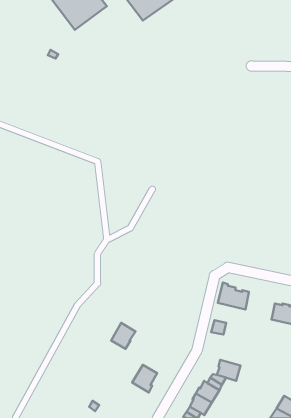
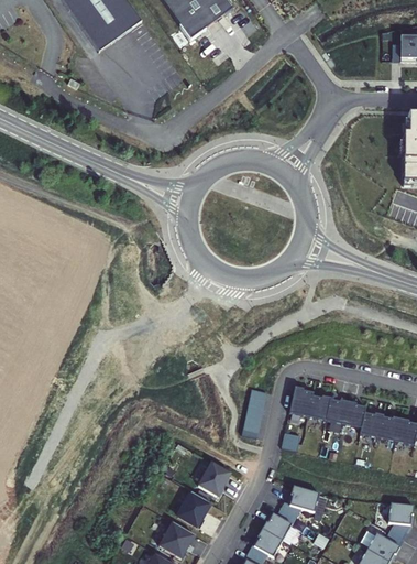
building: none -> [243,390,268,440]
building: none -> [327,397,366,426]
building: [111,323,135,349] -> [199,462,231,496]
building: none -> [158,520,196,556]

